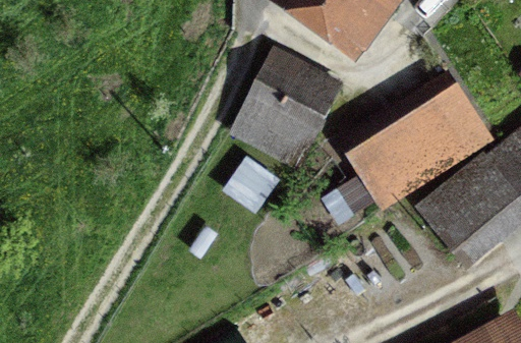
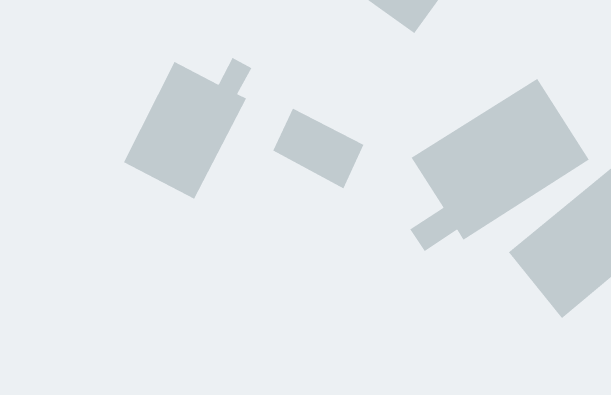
building: [252,50,331,125] -> none
building: none -> [123,57,253,200]

